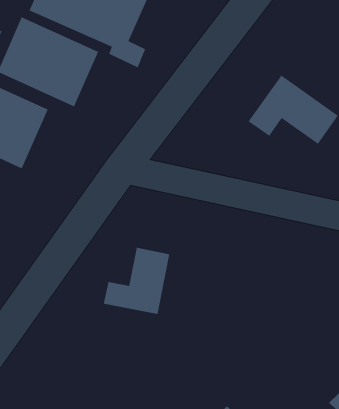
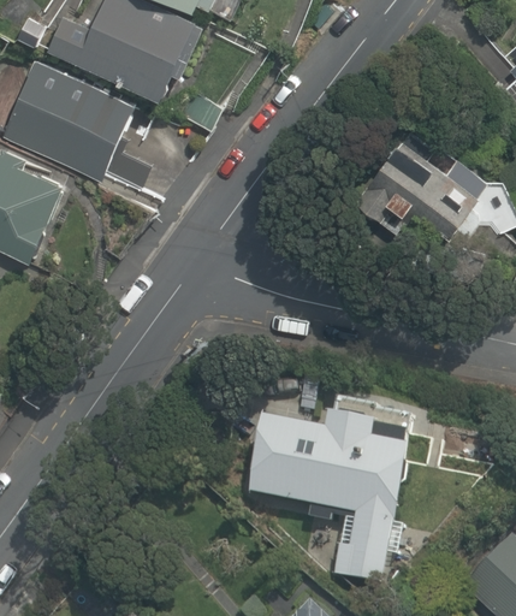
building: [103,247,170,315] -> none
building: none -> [249,413,409,580]

